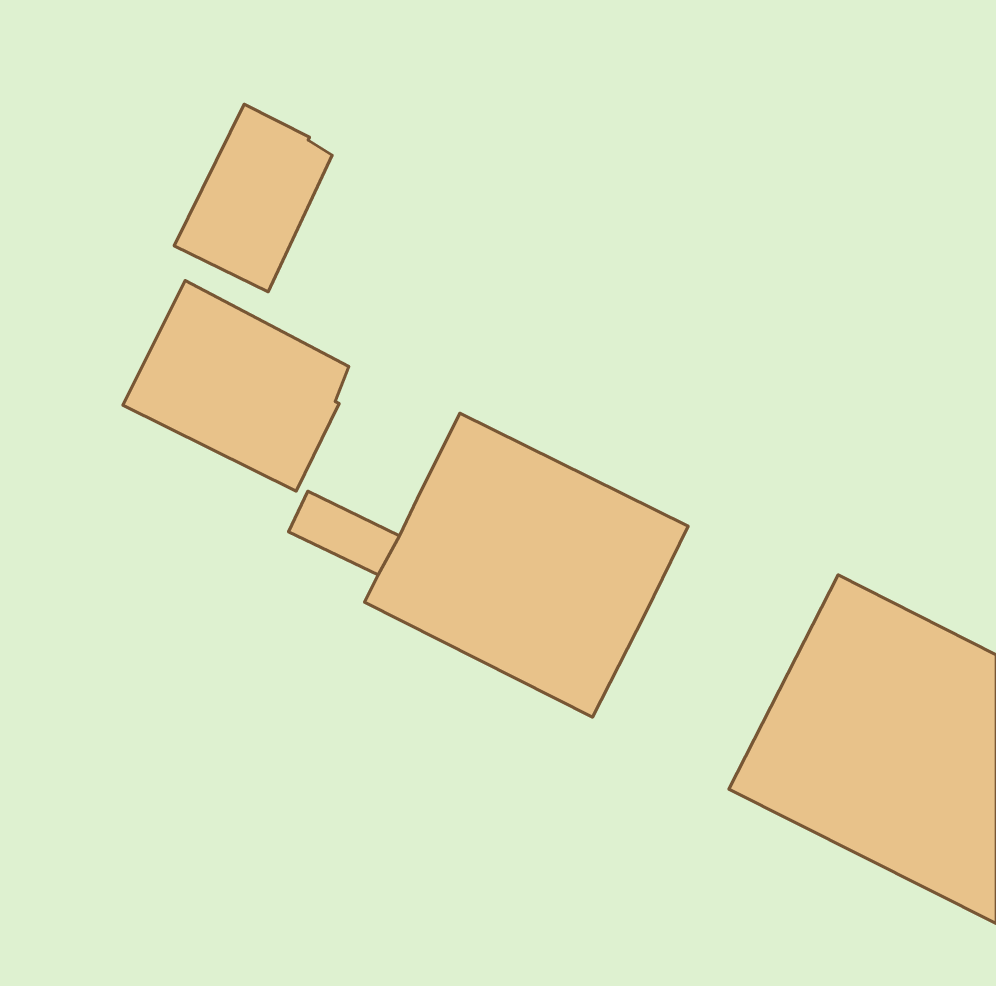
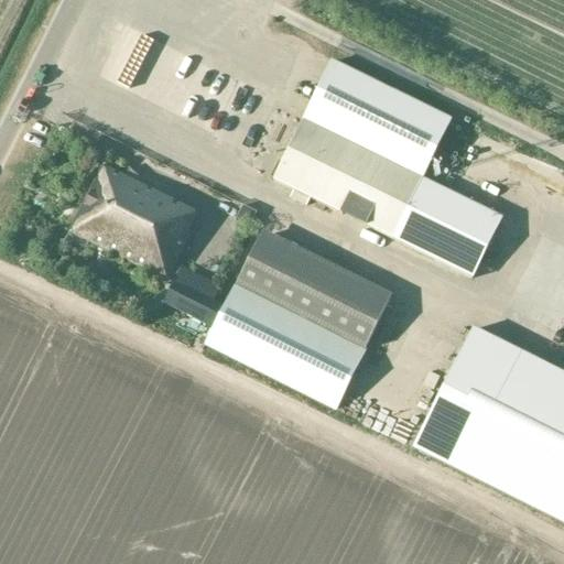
building: none -> [273,56,501,275]
building: [174,104,332,292] -> none

